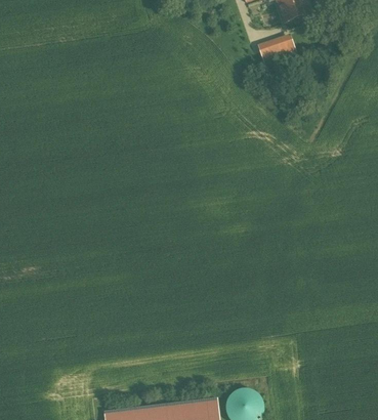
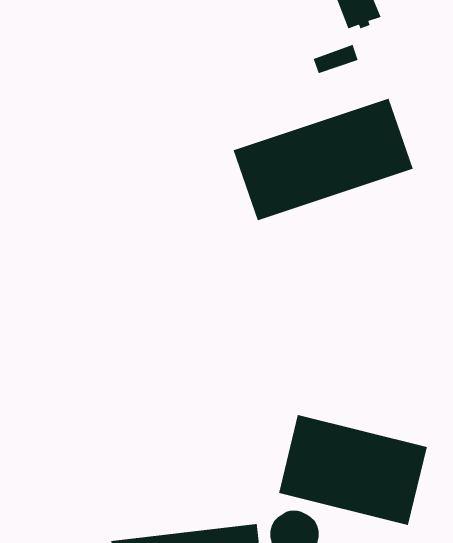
building: none -> [233,98,414,221]
building: none -> [278,414,427,526]

